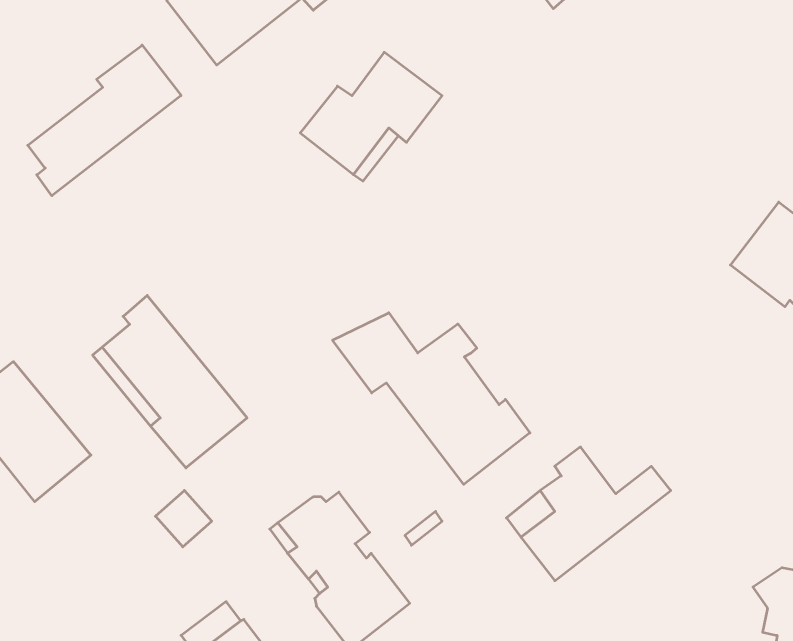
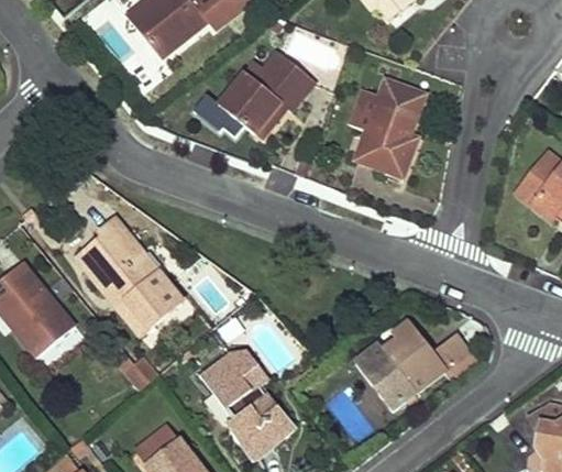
building: [28,45,181,196] -> none
building: none -> [353,83,422,180]
building: [333,313,530,484] -> none

